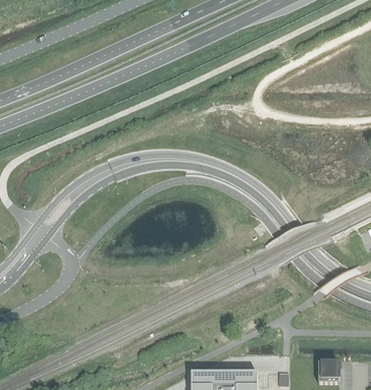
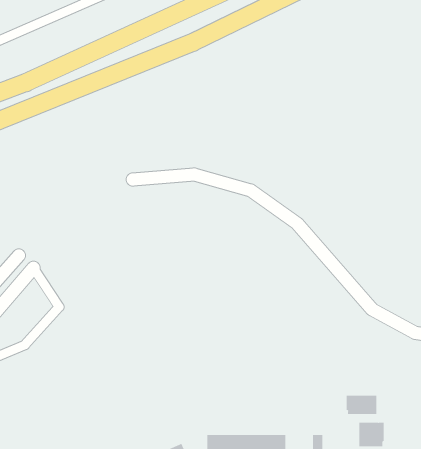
building: none -> [346,395,377,415]

